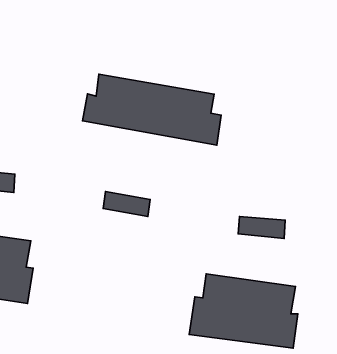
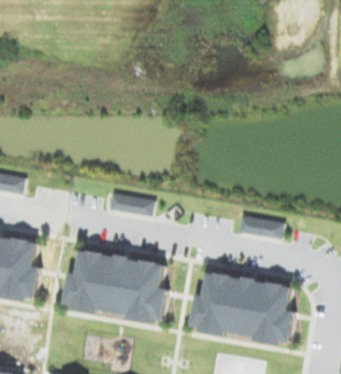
building: [83,74,221,145] -> none
building: none -> [61,249,166,322]

